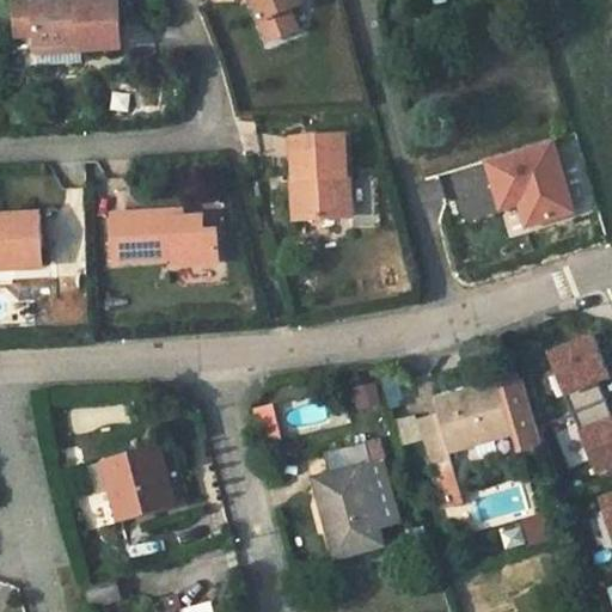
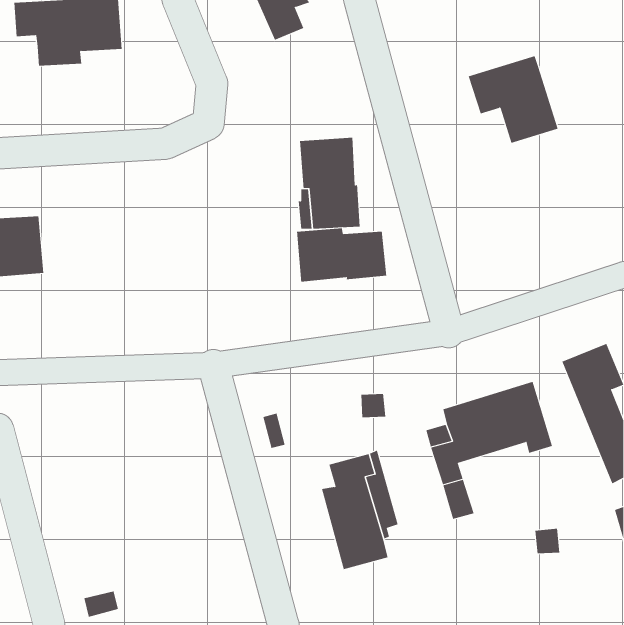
building: [485,137,574,224] -> [468,55,559,144]
building: [111,210,218,265] -> none
building: none -> [296,228,387,282]
building: [102,446,175,521] -> none

